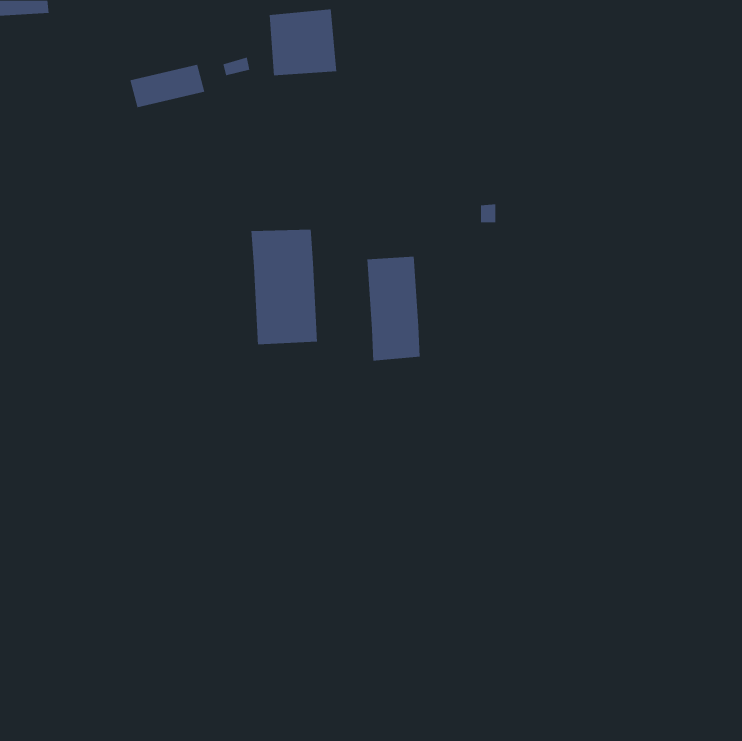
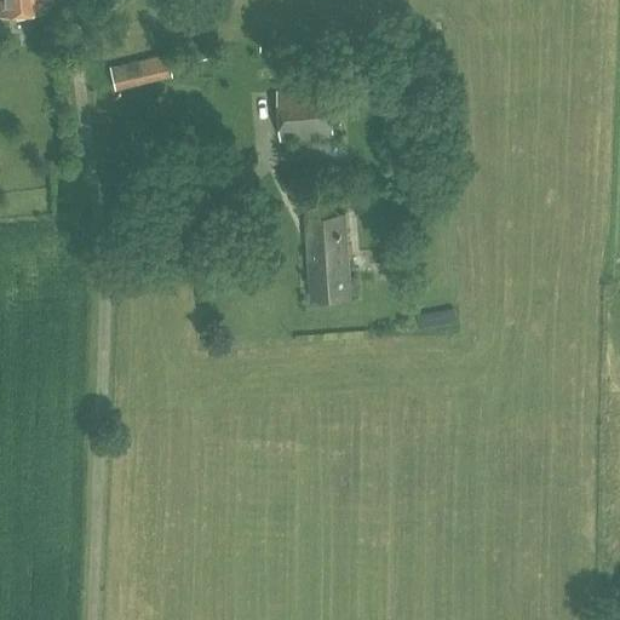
building: [269,9,337,76] -> [276,88,333,144]
building: [251,229,318,345] -> none

